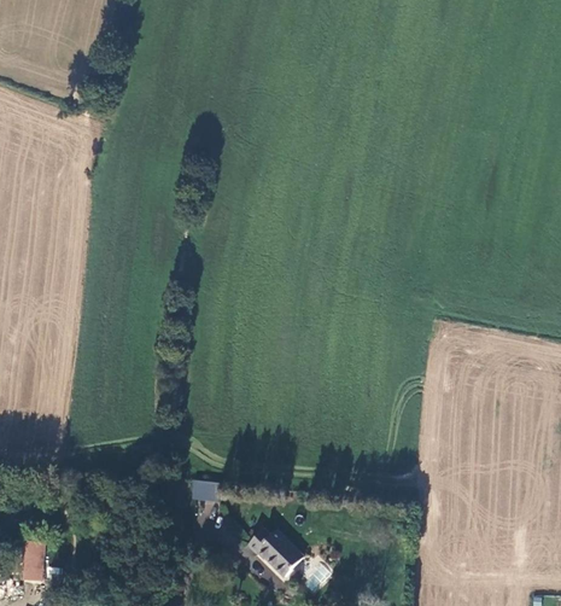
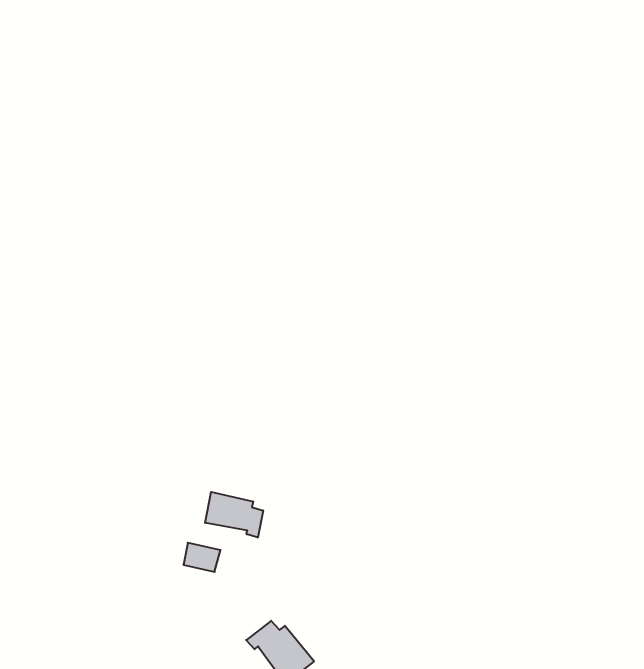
building: none -> [205,492,263,538]

